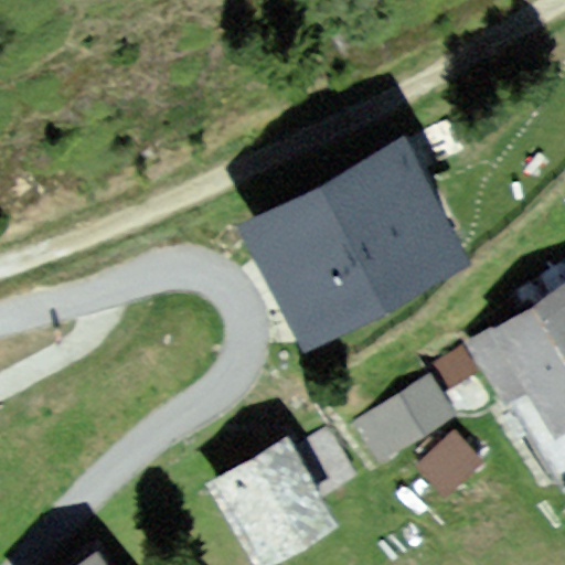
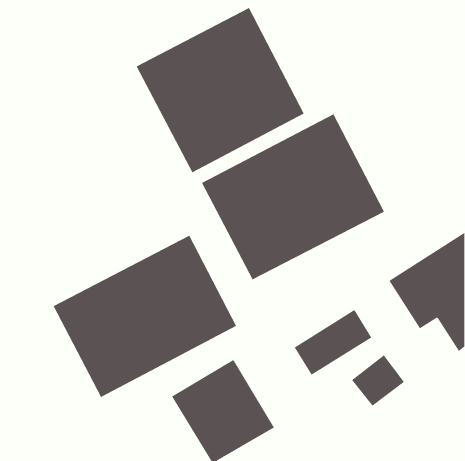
building: none -> [136,7,305,173]
building: none -> [53,235,237,398]

